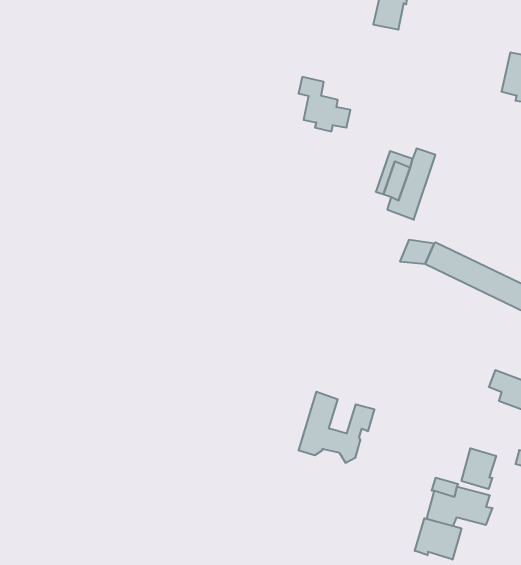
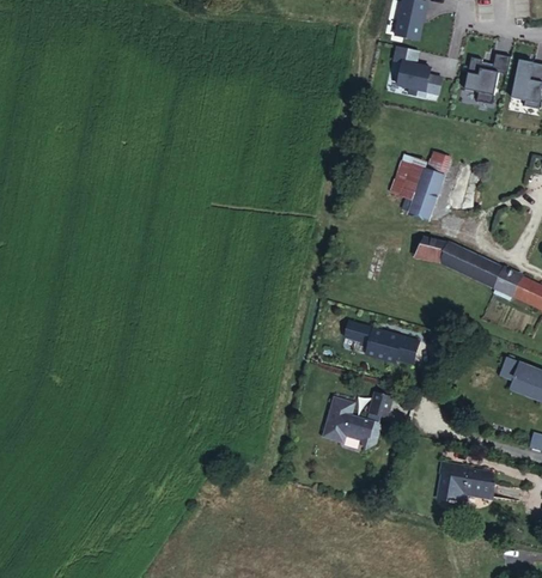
building: none -> [464,54,511,104]
building: [298,77,350,131] -> [392,47,441,98]
building: none -> [343,322,416,365]
building: [462,448,496,489] -> none
building: [415,518,461,560] -> none

